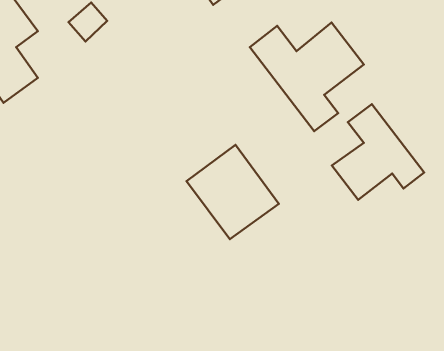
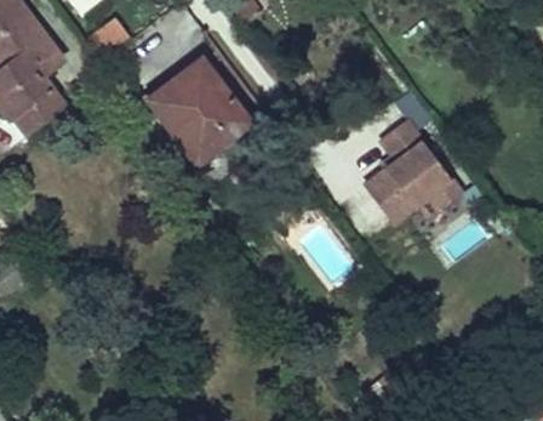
building: [250,22,364,131] -> none
building: [186,145,279,239] -> [152,64,250,165]

